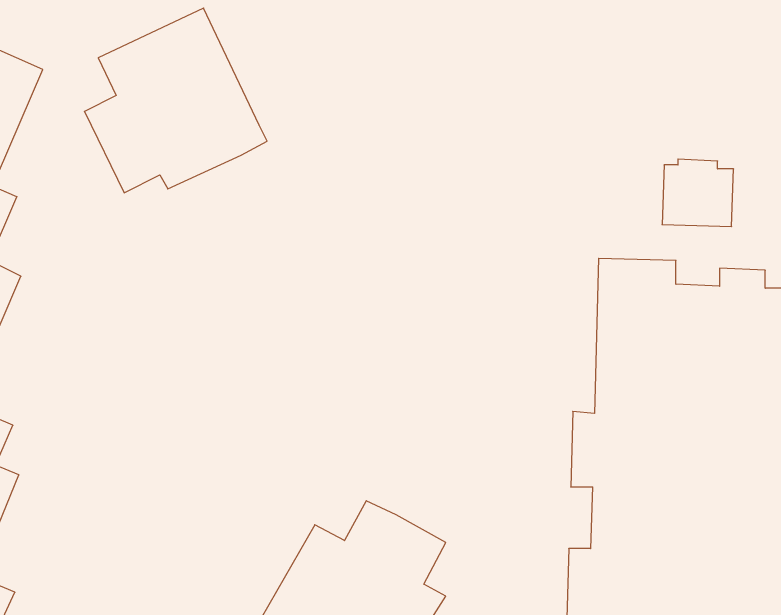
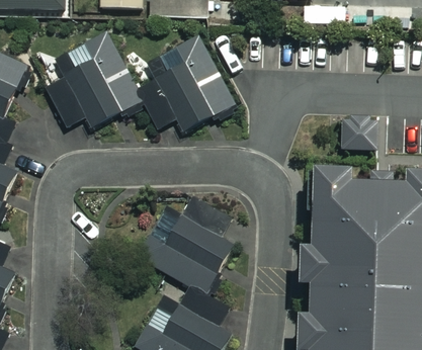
building: none -> [137,37,236,133]
building: none -> [140,222,226,292]

